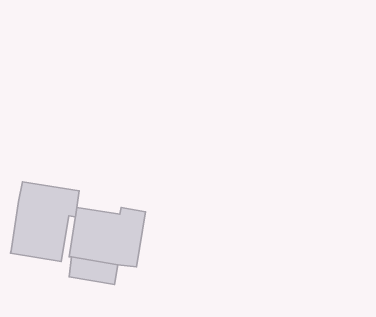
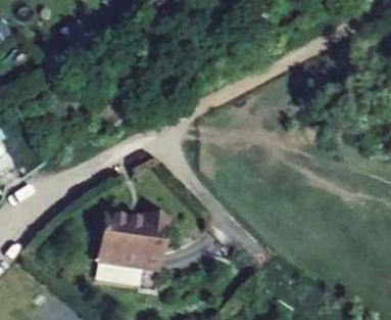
building: [10,182,79,261] -> none

